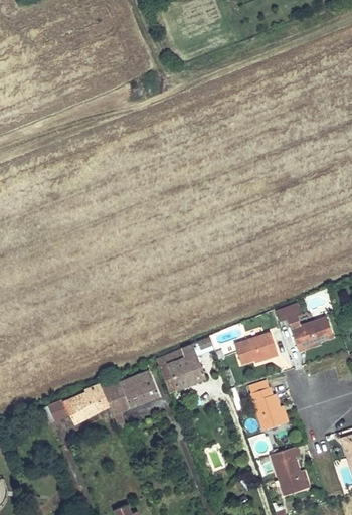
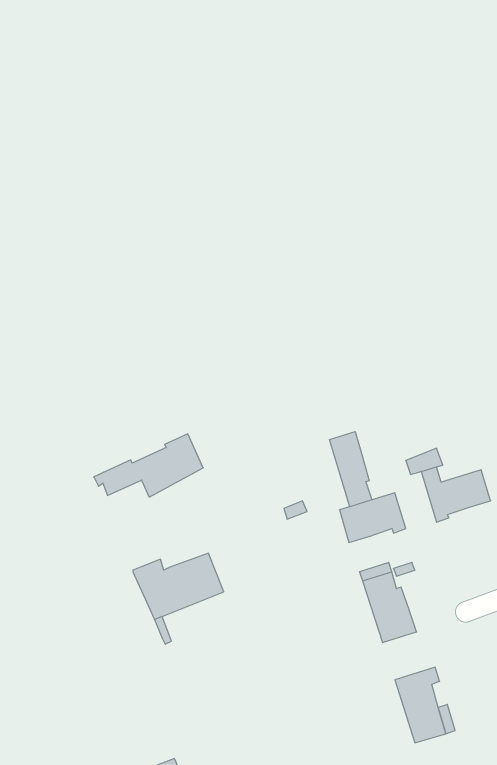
building: none -> [330,432,372,507]
building: [156,345,205,392] -> none
building: [38,383,110,424] -> [94,434,203,497]

